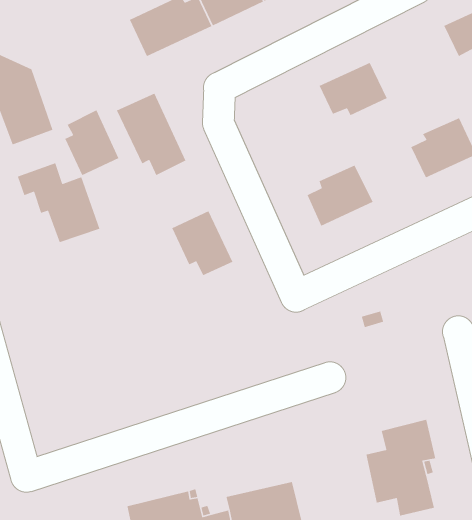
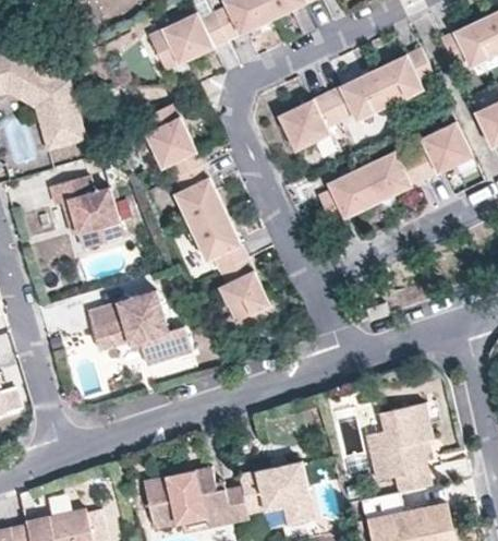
building: none -> [373,49,434,106]
building: none -> [277,94,338,151]
building: [64,109,119,176] -> [172,164,223,226]
building: none -> [359,151,424,202]
building: none -> [217,257,268,322]
building: none -> [88,289,197,362]

